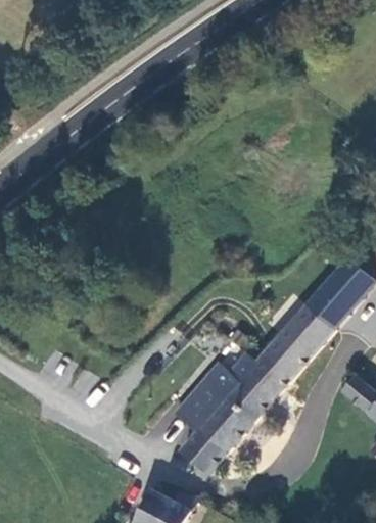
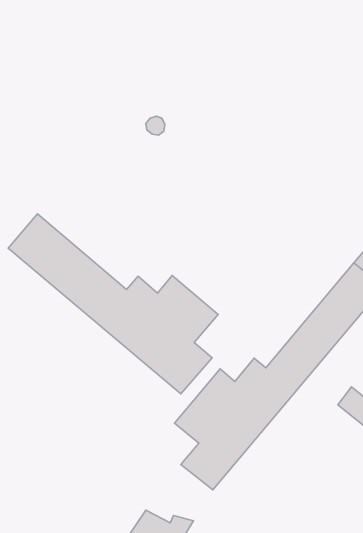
building: none -> [8,214,218,394]

